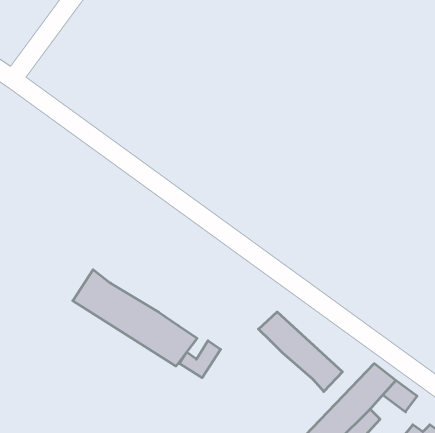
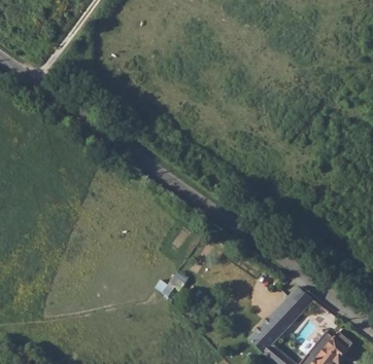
building: [73,270,197,366] -> none
building: [258,312,342,392] -> none

